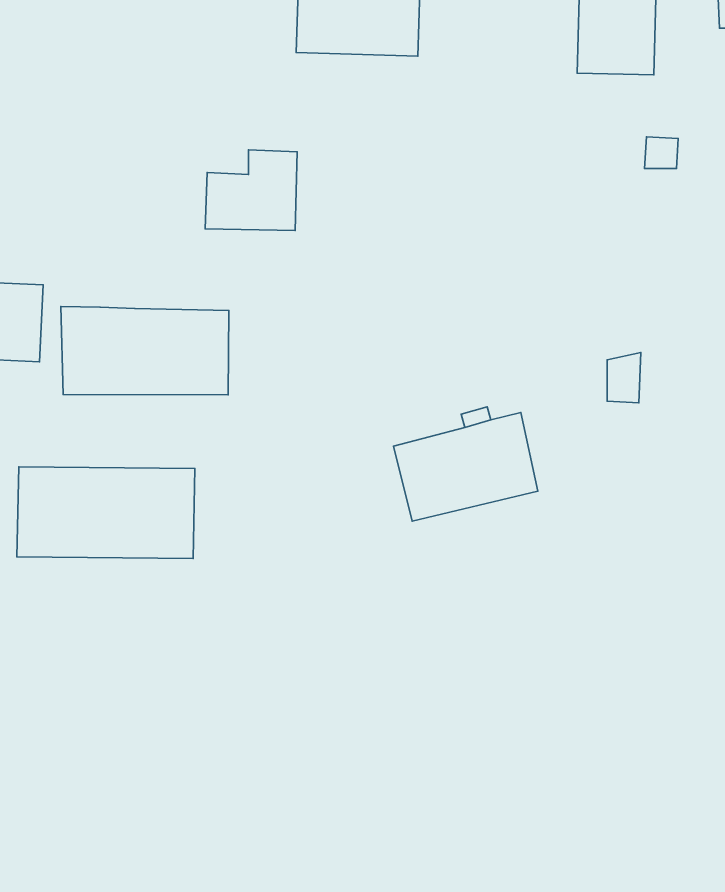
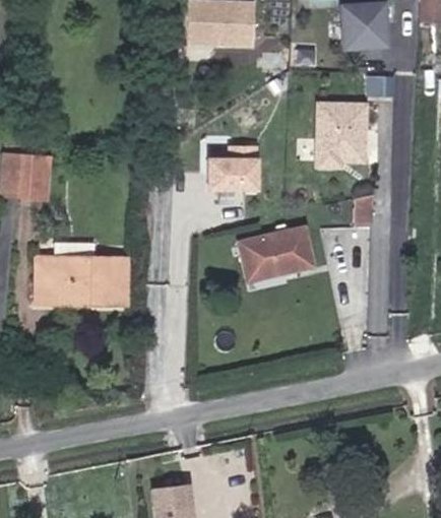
building: [205,150,297,231] -> [206,139,256,183]
building: none -> [316,105,365,167]
building: [61,307,229,395] -> none

